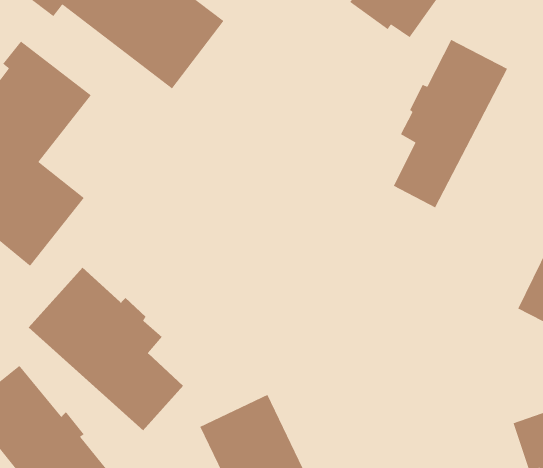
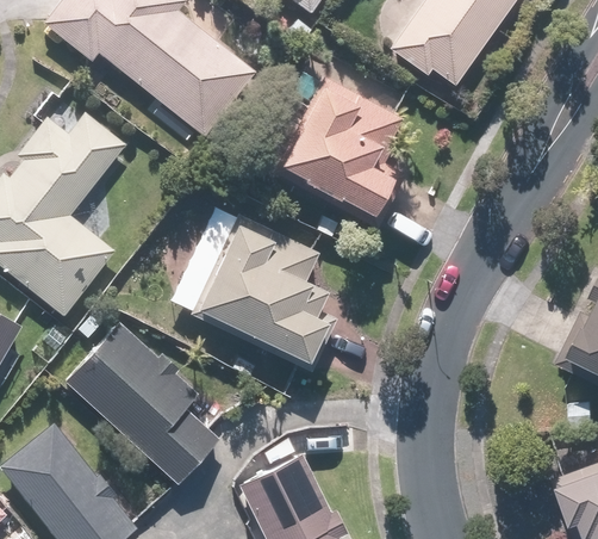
building: none -> [251,64,404,223]
building: [393,39,508,208] -> none
building: none -> [164,204,328,366]

